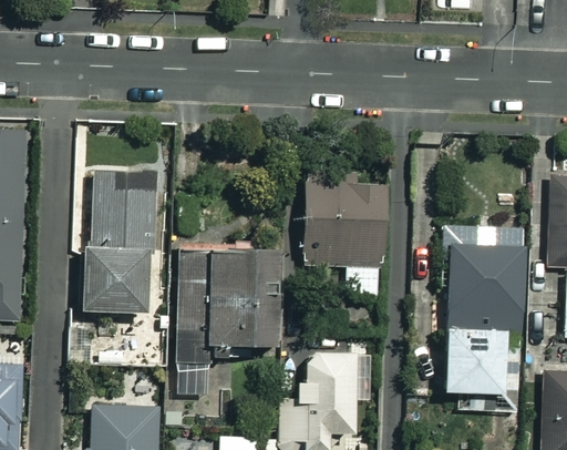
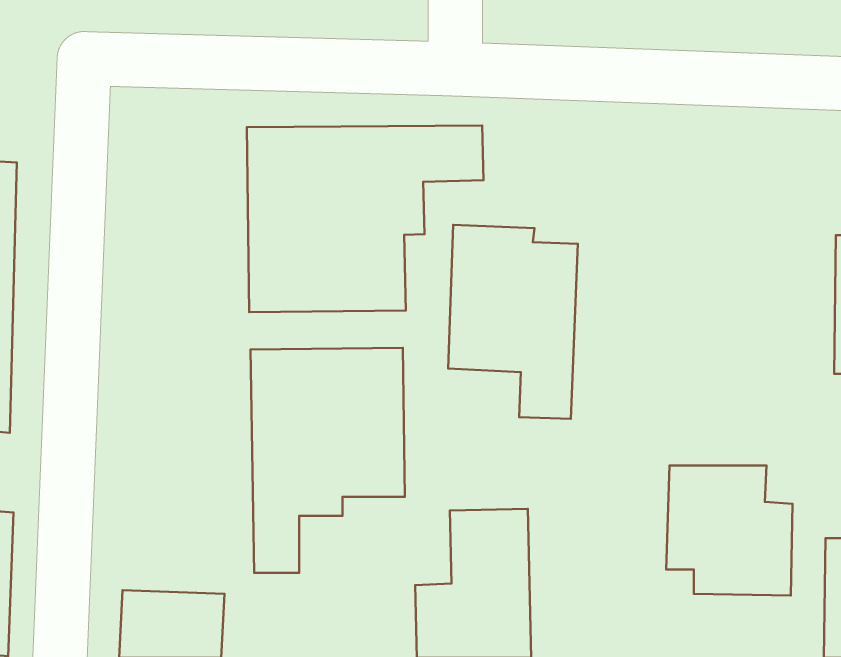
building: none -> [247,126,483,312]
building: [81,172,154,313] -> none
building: [444,226,523,326] -> none

